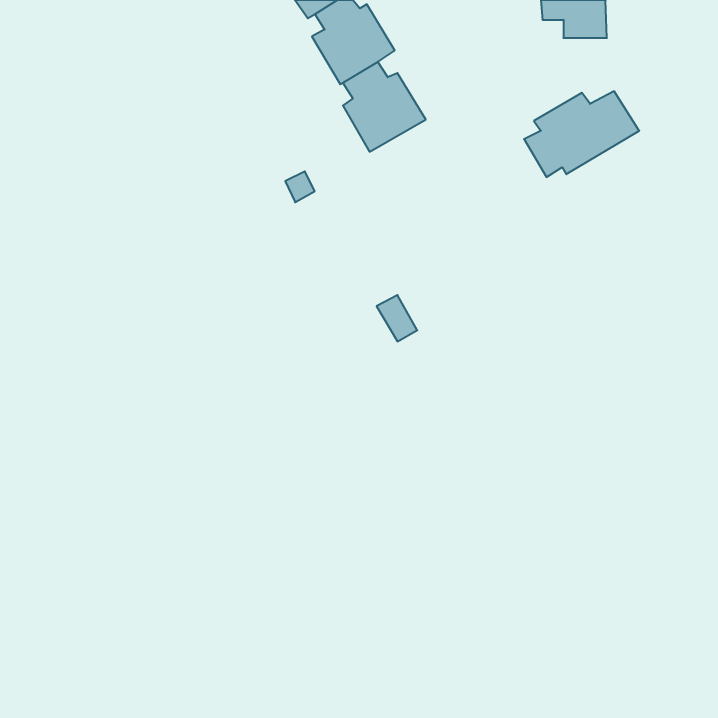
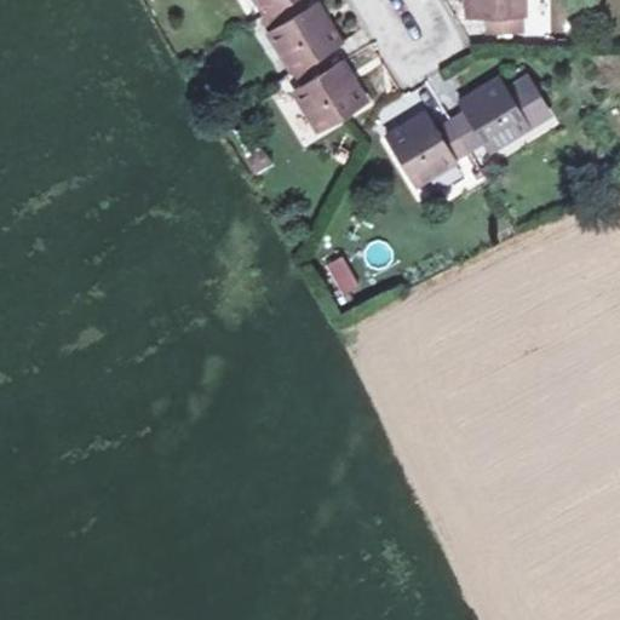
building: none -> [388,115,471,185]

